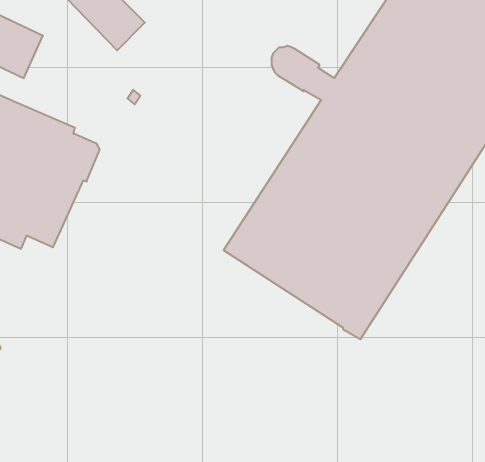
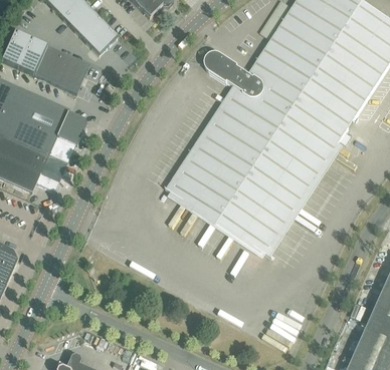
building: none -> [34,45,89,93]

